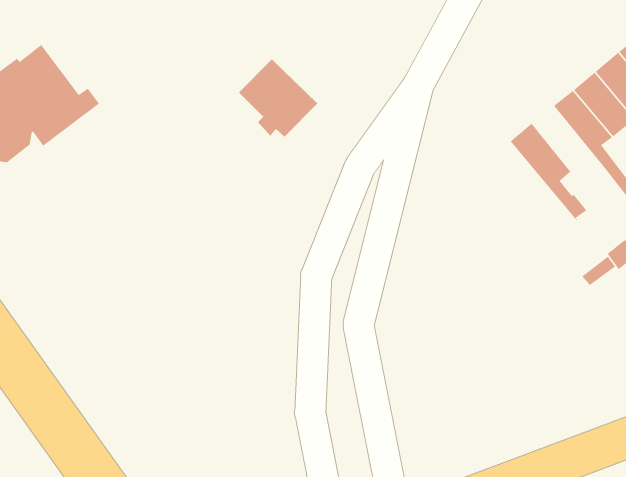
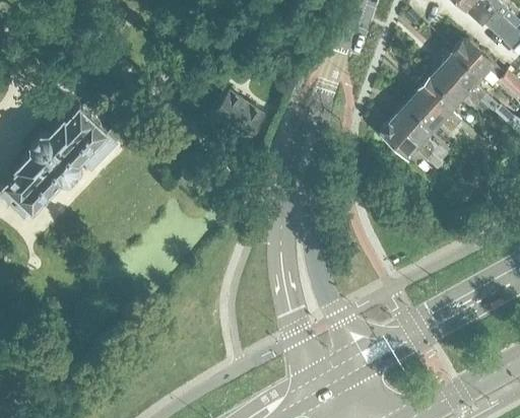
building: none -> [405,92,457,134]
building: none -> [381,120,444,169]

